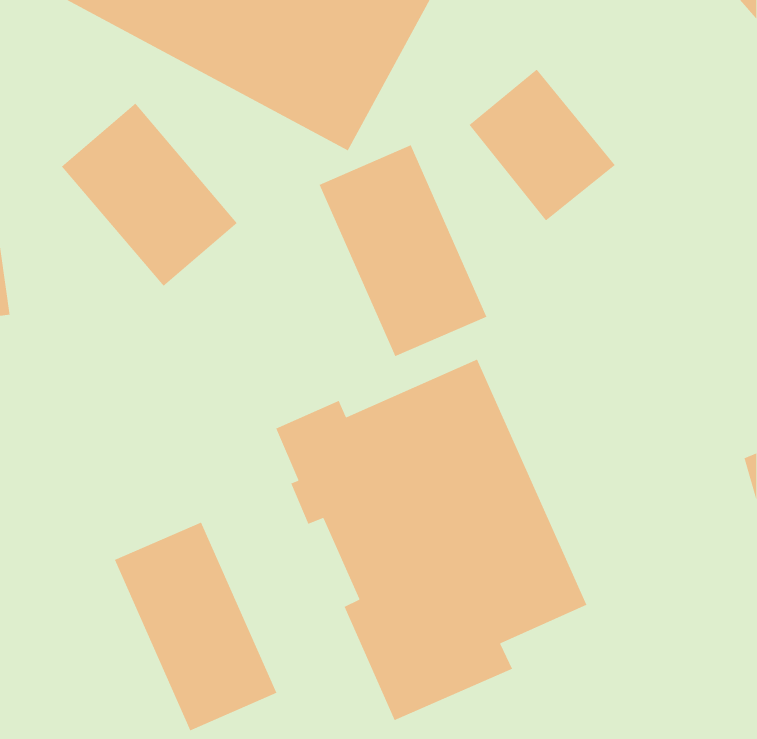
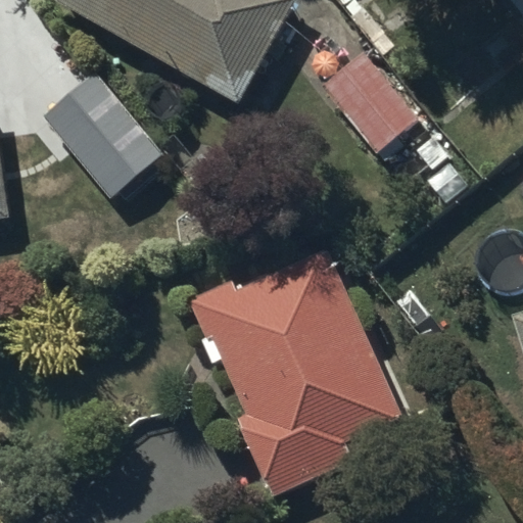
building: [319,144,488,357] -> none
building: [114,521,277,731] -> none

